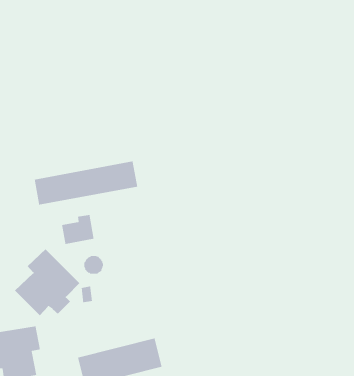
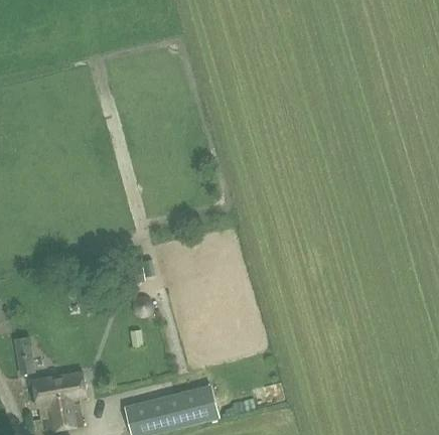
building: [34,161,138,206] -> none
building: [14,248,80,316] -> none

